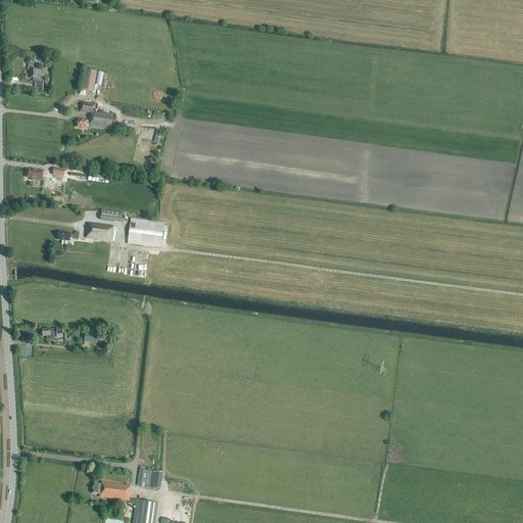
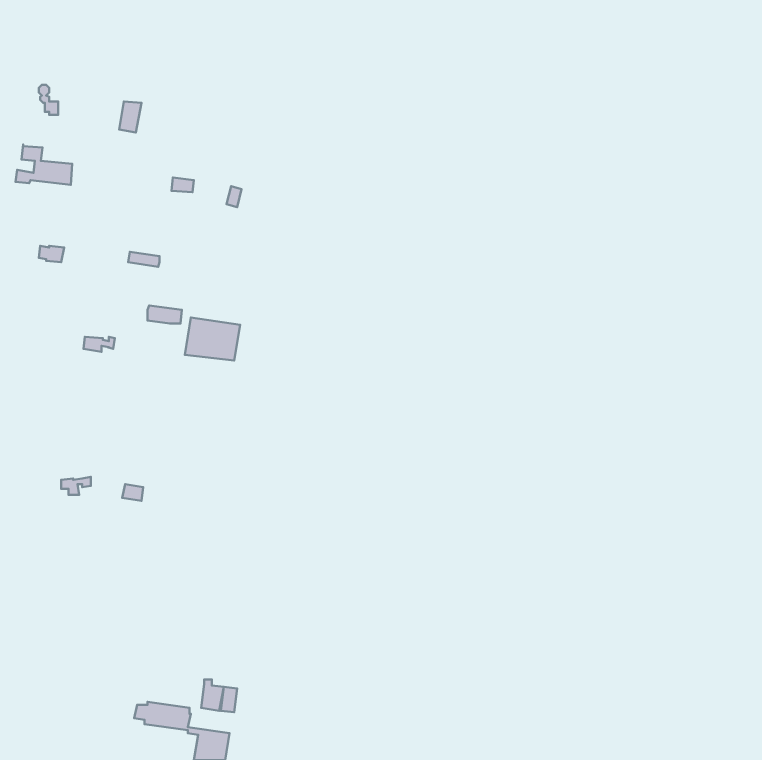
building: [77,101,115,129] -> [16,145,72,185]
building: [86,222,113,241] -> none

